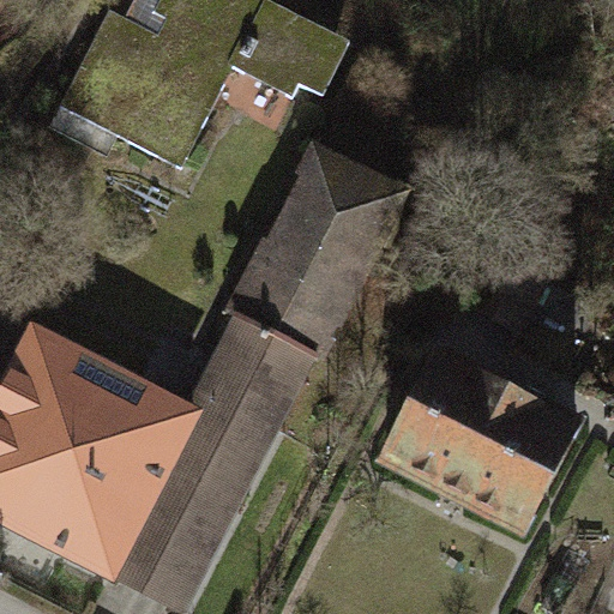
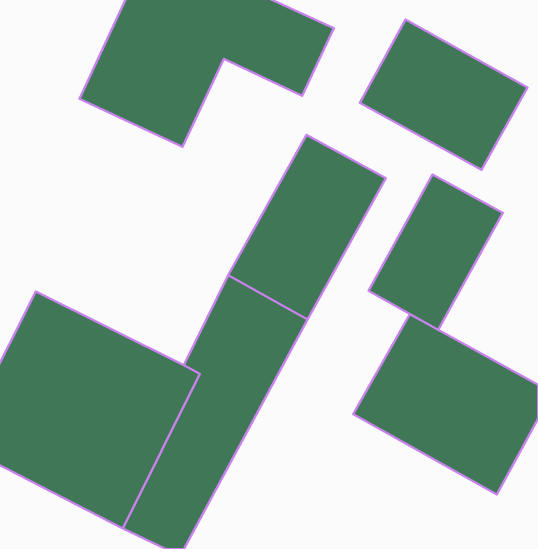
building: none -> [360,20,528,170]
building: none -> [369,174,503,330]

